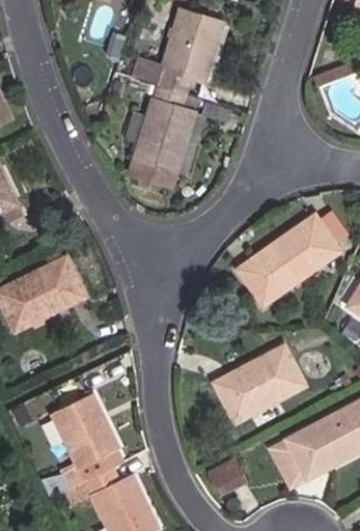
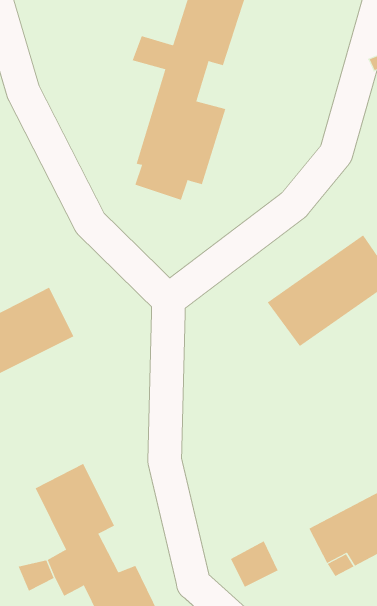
building: [214,345,304,421] -> none

